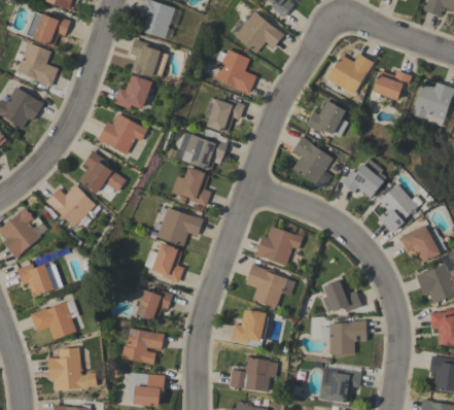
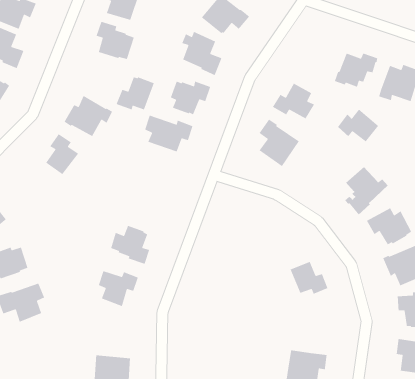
building: [326,54,374,95] -> none
building: [113,75,152,109] -> [116,77,155,111]
building: [342,164,384,198] -> [337,108,379,142]
building: [173,166,211,206] -> none
building: [46,184,96,227] -> none
building: [151,207,203,246] -> none
building: [255,226,304,265] -> none
building: [245,264,296,308] -> none
building: [231,309,267,343] -> none
building: [322,320,366,354] -> none
building: [121,329,165,366] -> none
building: [47,347,98,391] -> none
building: [230,356,278,391] -> none

